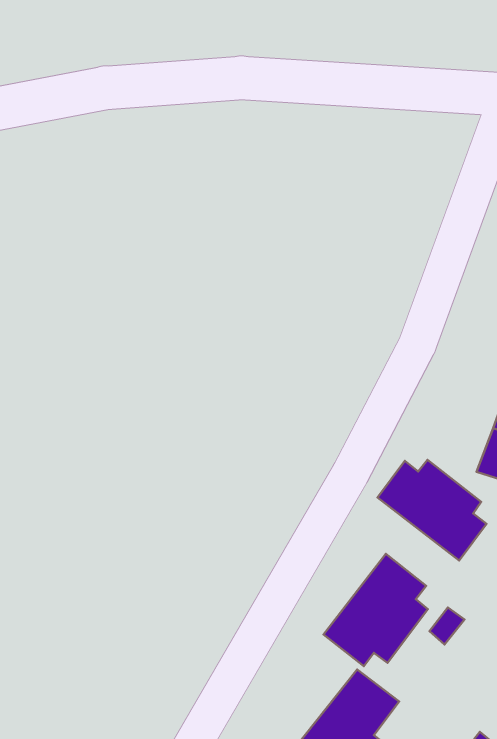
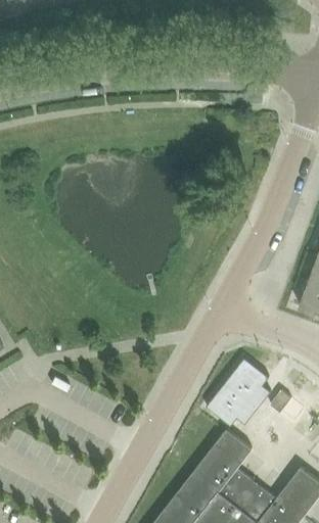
building: [377,460,487,561] -> none

